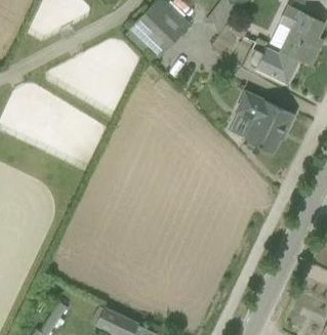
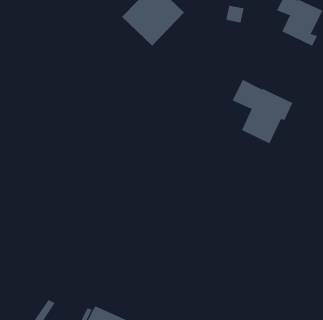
building: [251,44,315,84] -> none

